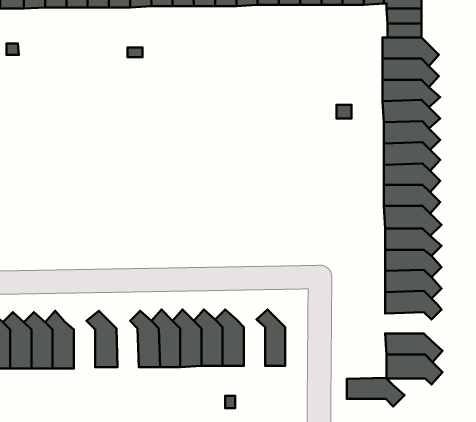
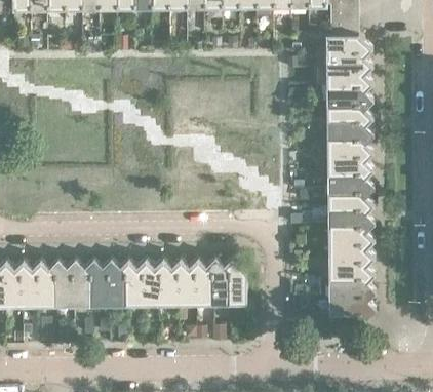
building: none -> [205,260,229,306]
building: none -> [65,261,89,308]
building: none -> [101,261,125,307]
building: [347,378,404,406] -> [327,262,375,285]

